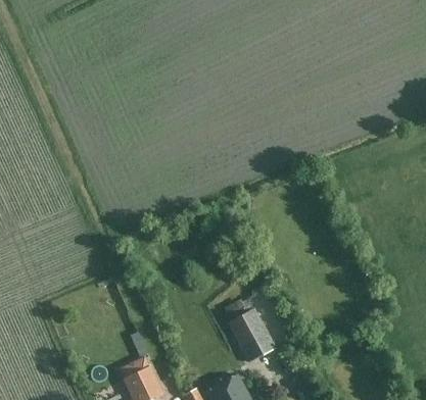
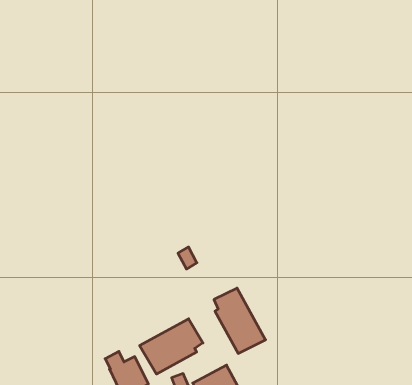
building: none -> [140,319,203,374]

